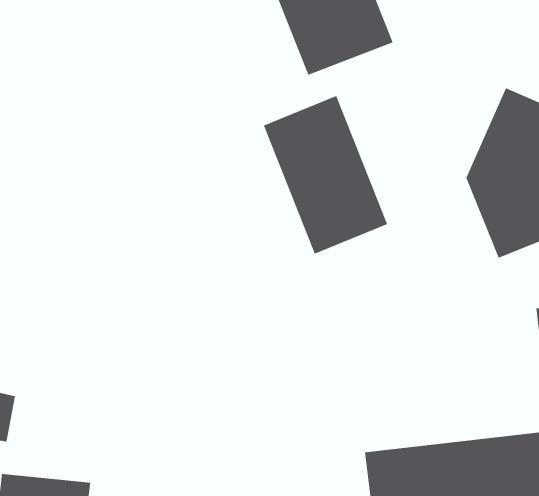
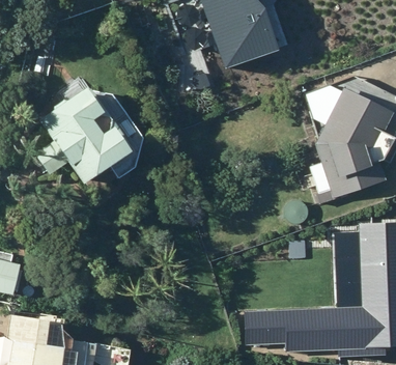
building: [263,95,388,255] -> none
building: none -> [36,86,135,184]

